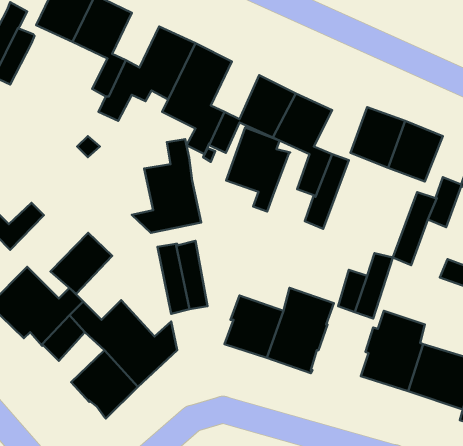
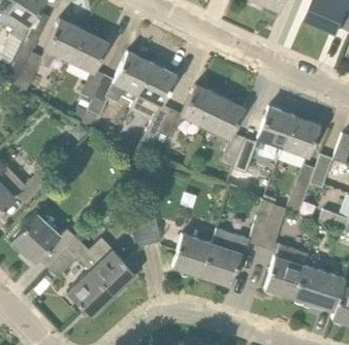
building: [226,128,290,211] -> none
building: [132,139,201,233] -> none
building: [51,233,112,294] -> none

